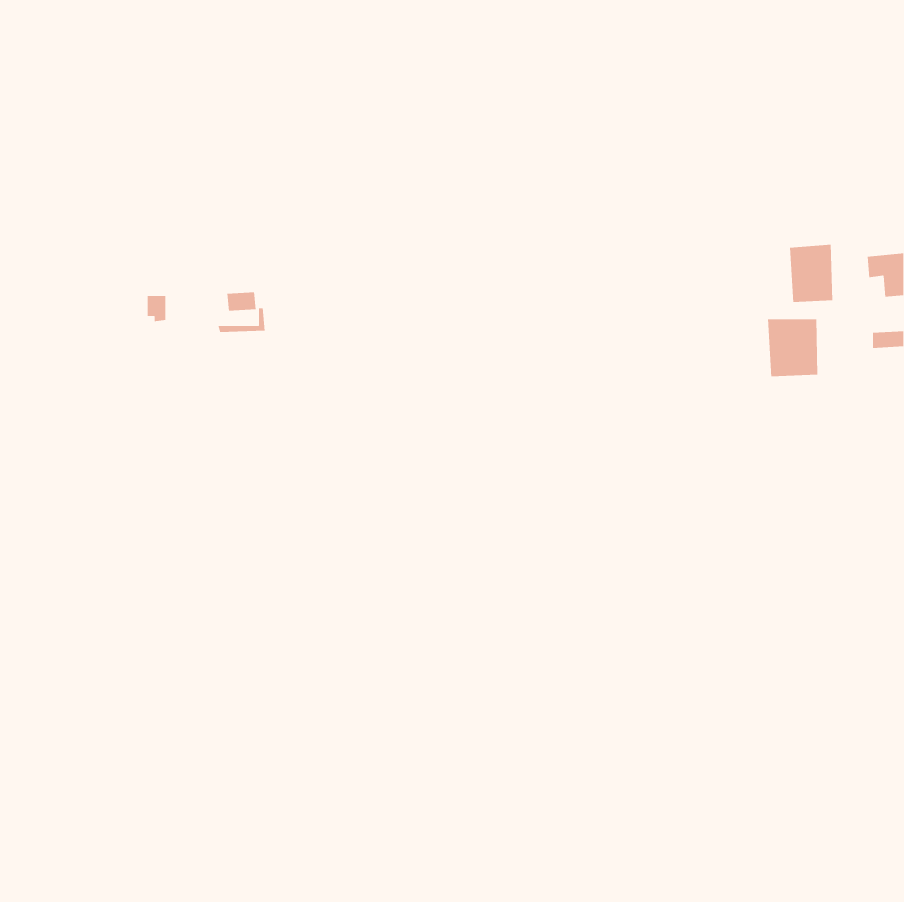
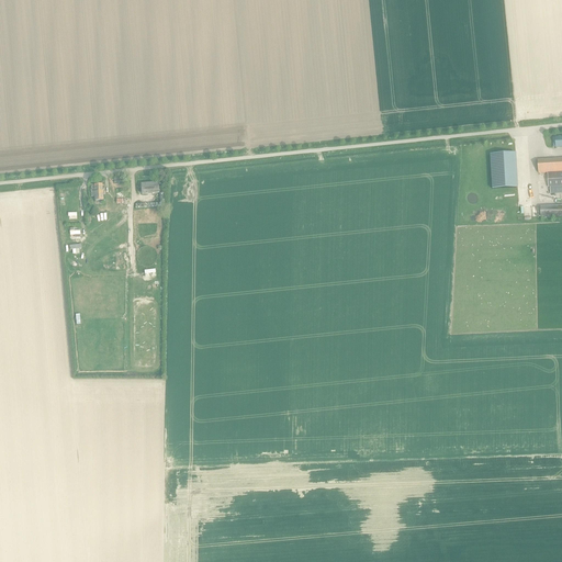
building: [767,318,818,377] -> none

